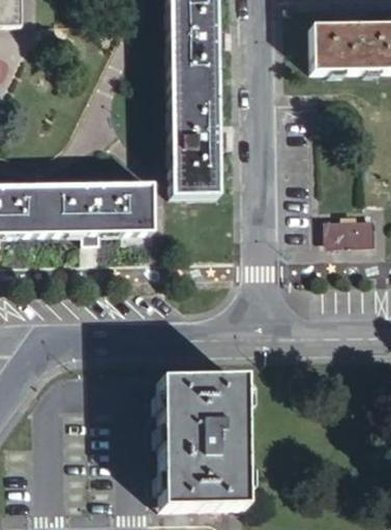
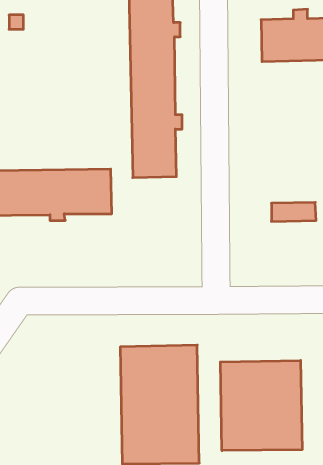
building: none -> [220,360,302,451]

